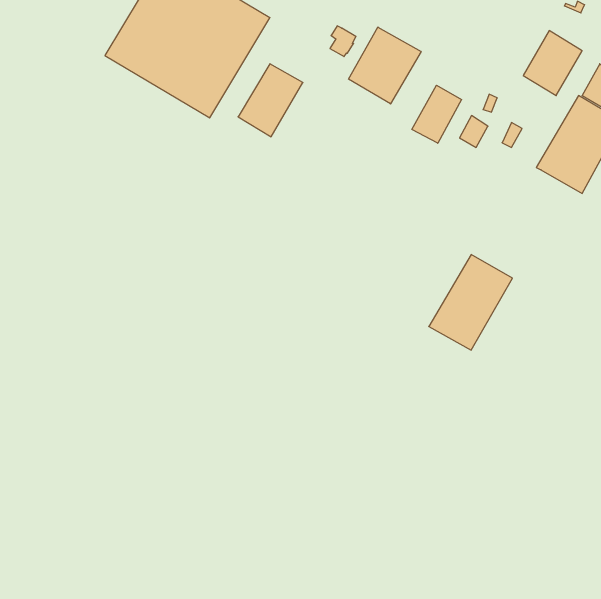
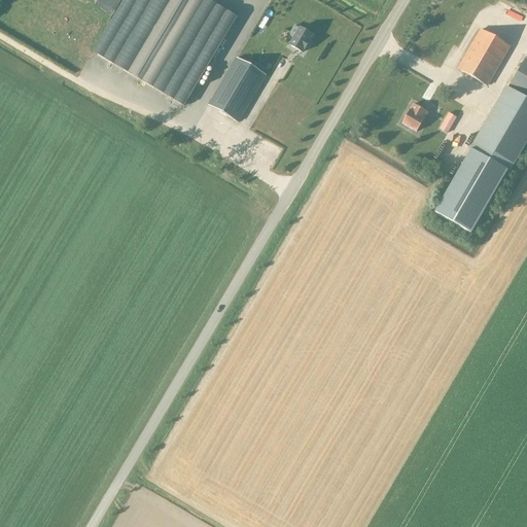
building: [349,27,421,104] -> none
building: [412,85,462,143] -> none
building: [429,255,512,350] -> [436,148,510,232]

